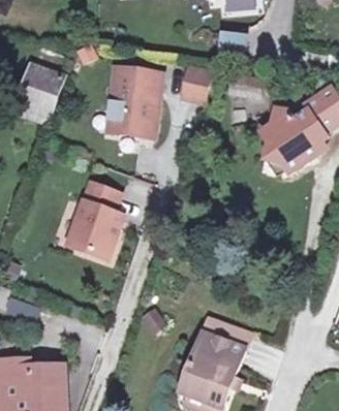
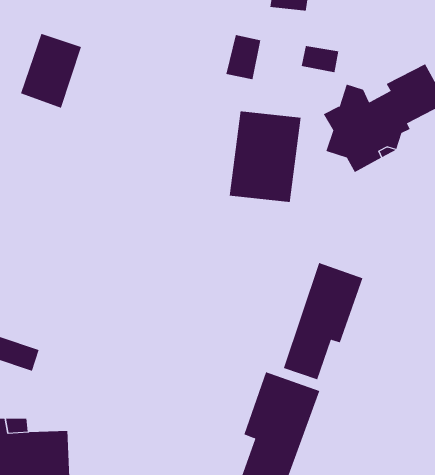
building: [101,64,156,133] -> [229,111,302,203]
building: [64,181,120,258] -> none
building: none -> [283,262,363,380]

